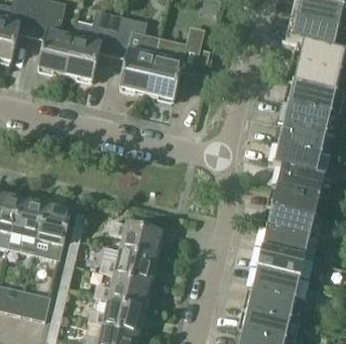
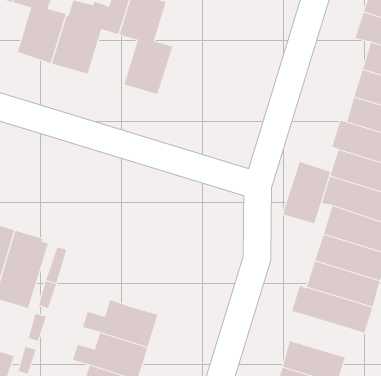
building: [144,32,201,100] -> none
building: none -> [282,161,331,224]
building: [108,220,159,258] -> none
building: [255,250,312,283] -> none

